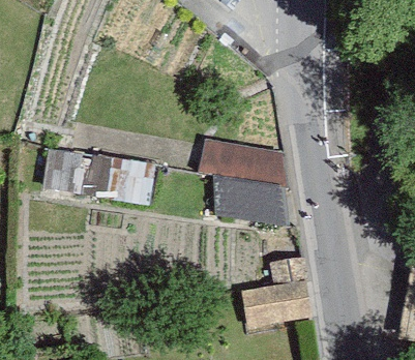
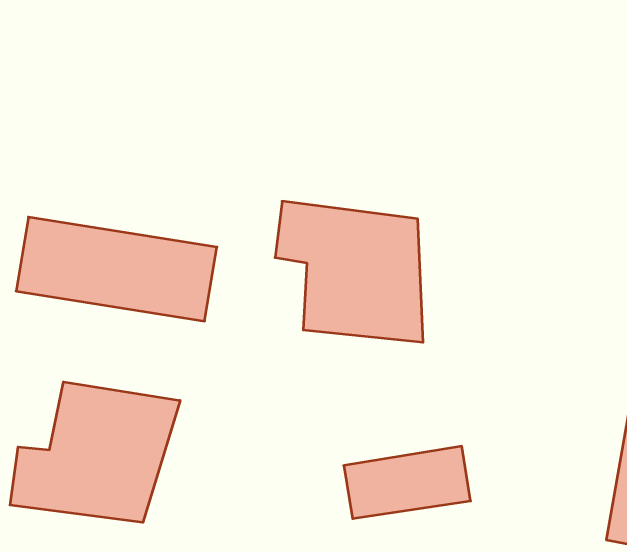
building: none -> [10,382,180,522]

